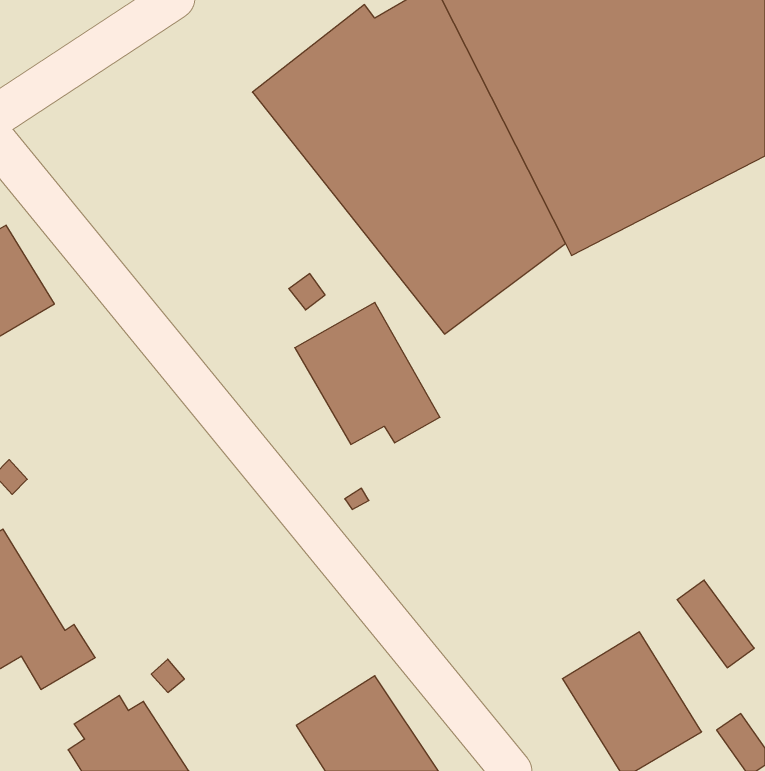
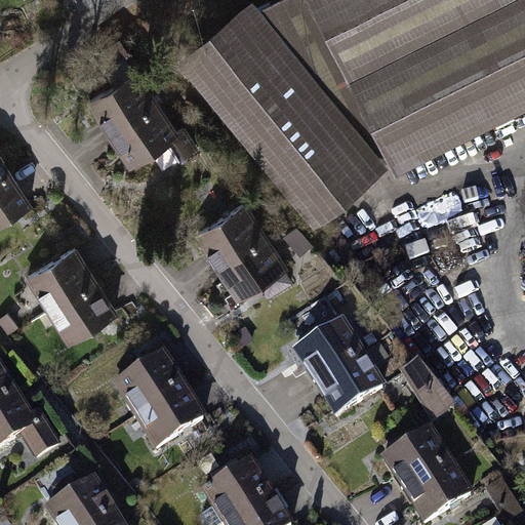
building: none -> [89,70,201,170]
building: none -> [27,246,121,348]
building: none -> [298,295,391,419]
building: none -> [113,353,206,452]
building: [677,580,754,668] -> [400,363,452,422]

